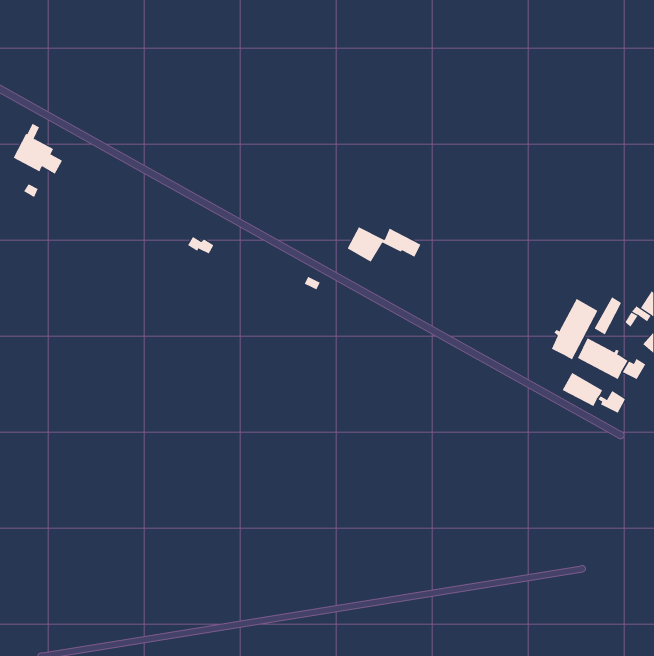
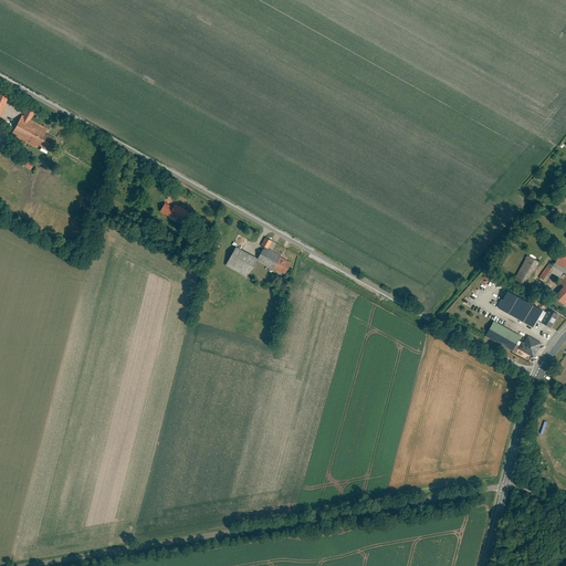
building: [347,227,421,262] -> [227,247,291,277]
building: [551,298,598,360] -> none

